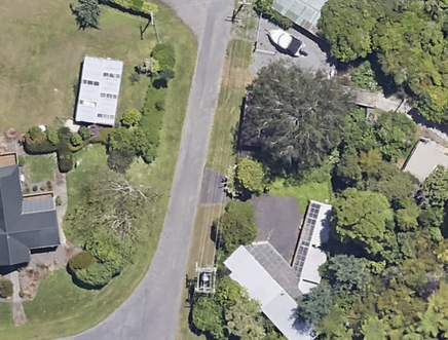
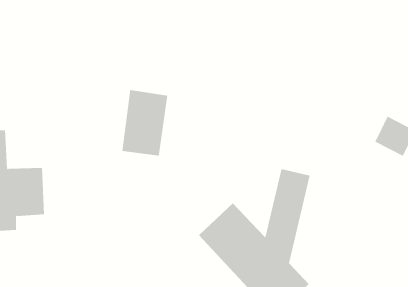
building: [76,55,124,124] -> [122,90,168,156]

